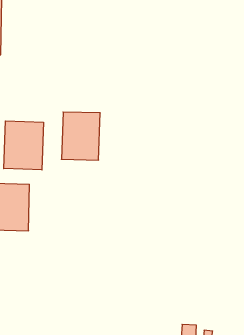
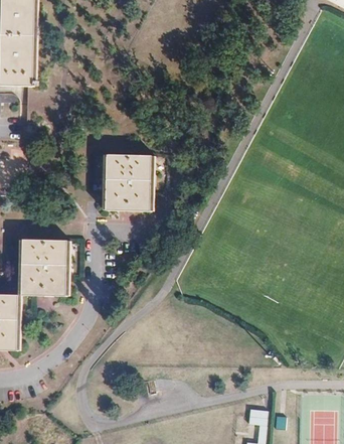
building: [4,121,43,170] -> none

